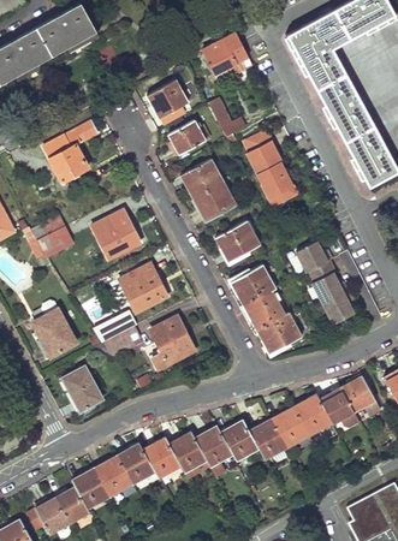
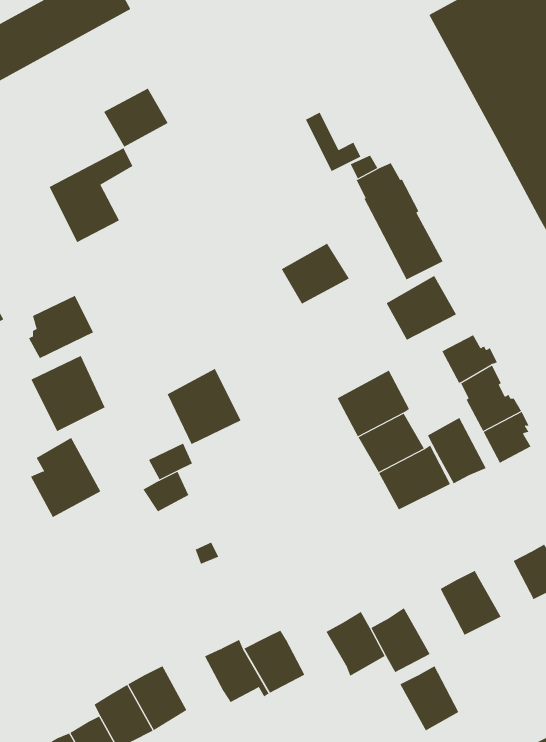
building: [202,35,253,76] -> none
building: [145,81,188,119] -> [103,88,169,148]
building: [167,121,210,156] -> none
building: [179,159,222,200] -> none
building: [91,210,139,260] -> [31,355,105,432]
building: [215,220,261,262] -> [386,275,457,341]
building: none -> [427,417,487,484]
building: [150,317,194,370] -> none
building: [59,364,102,414] -> none
building: [320,387,355,423] -> none
building: [272,405,310,447] -> [399,666,459,731]
building: [196,427,234,466] -> none
building: [117,442,155,483] -> none

